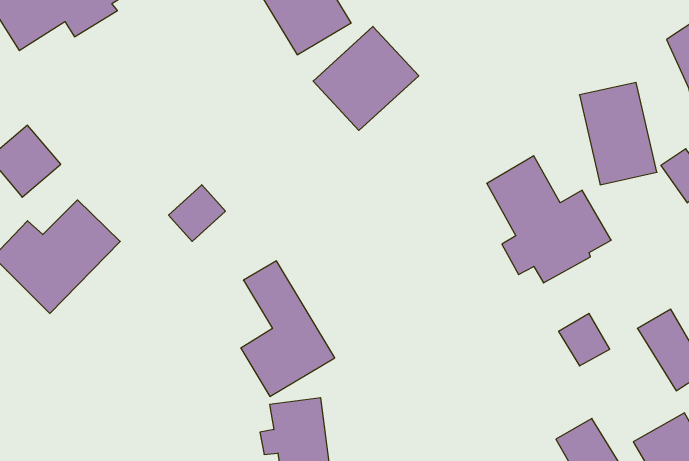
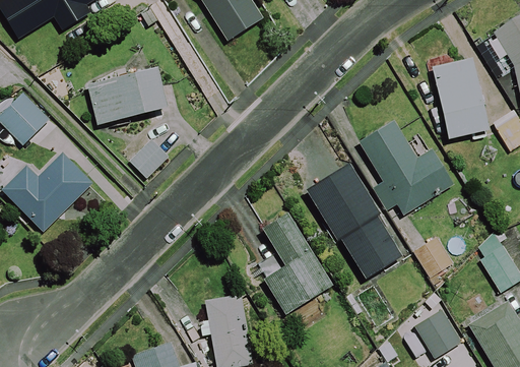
building: [313,26,419,130] -> none
building: none -> [85,66,170,125]
building: none -> [310,159,406,277]
building: [241,261,335,396] -> [263,208,332,308]

